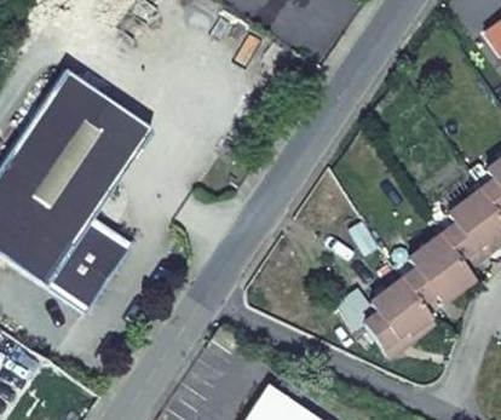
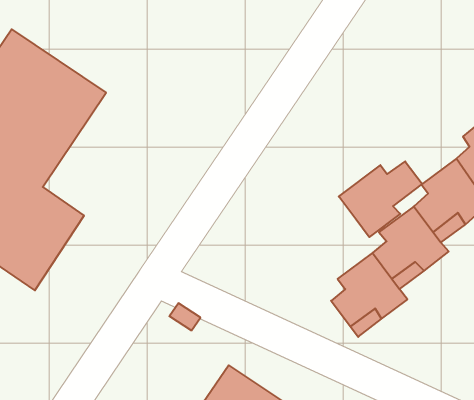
building: none -> [339,161,422,237]

